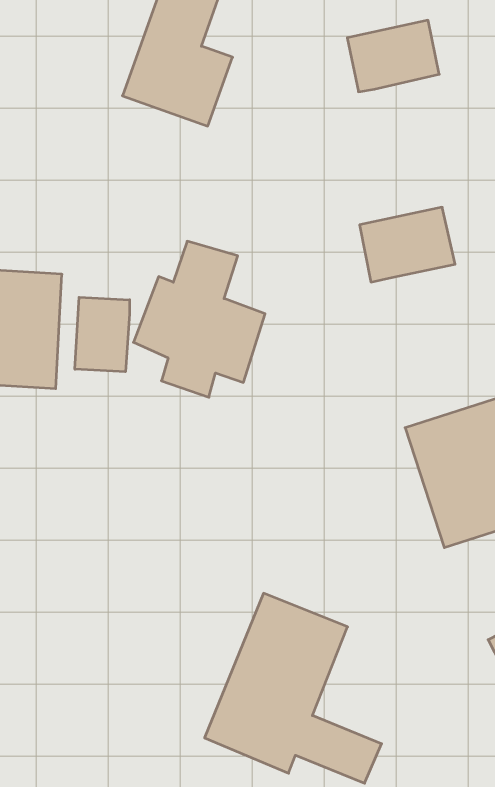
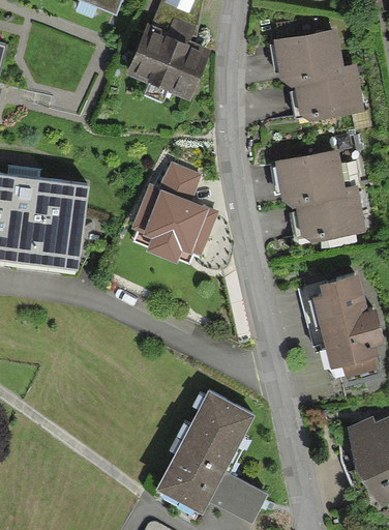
building: none -> [294,65,358,114]
building: none -> [298,188,358,236]
building: [75,297,130,372] -> none

